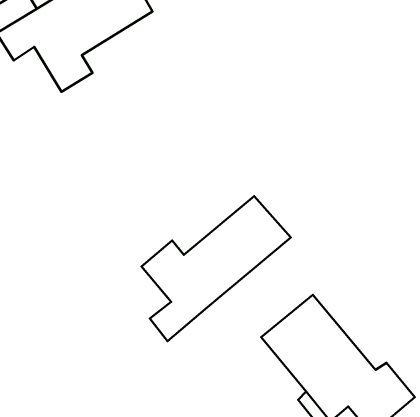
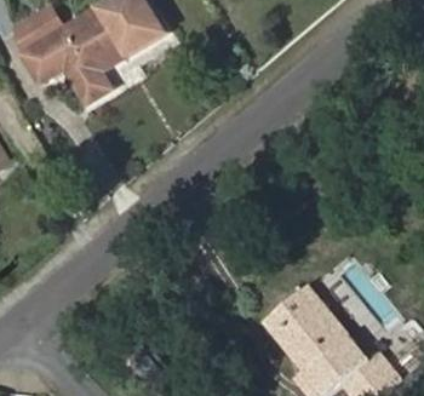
building: [141,196,291,341] -> none

